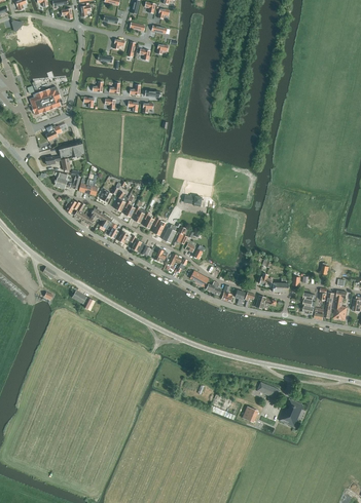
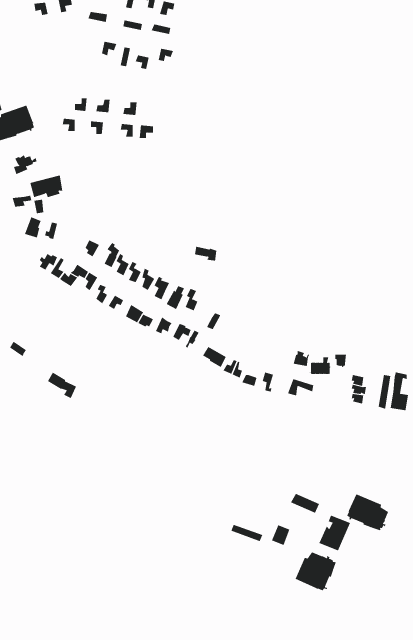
building: none -> [347,493,389,531]
building: none -> [295,551,336,591]

